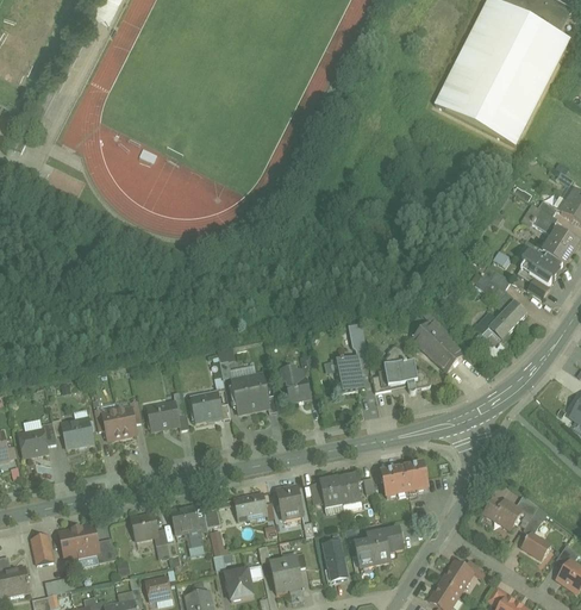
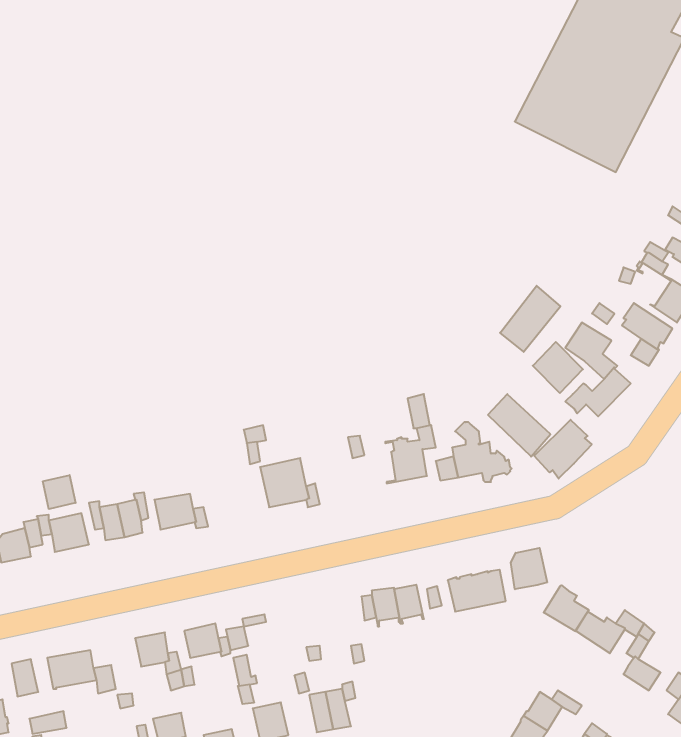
building: none -> [500,286,560,352]
building: none -> [533,342,583,393]
building: none -> [534,420,592,479]
building: [279,366,310,402] -> none
building: none -> [43,475,76,509]
building: [189,391,223,421] -> none
building: none -> [511,548,547,589]
building: none -> [544,585,589,631]
building: [275,485,301,518] -> none
building: [233,492,267,519] -> none
building: [354,528,402,568] -> none
building: [323,541,346,580] -> none

